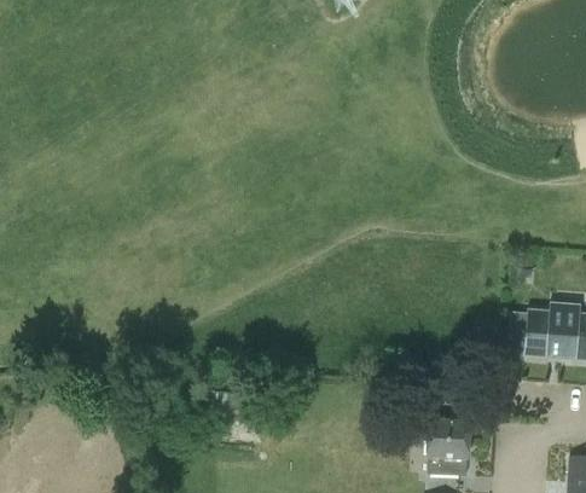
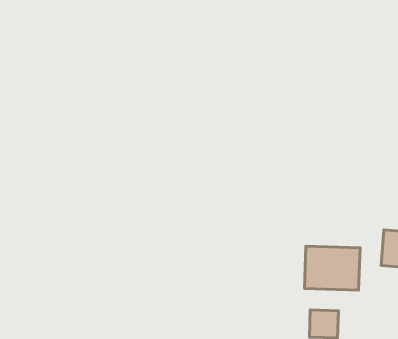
building: none -> [304,246,360,290]

